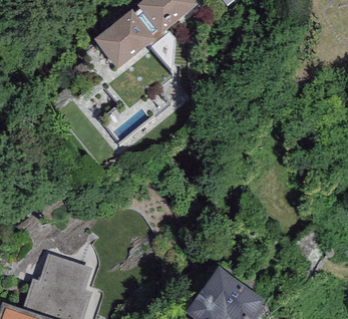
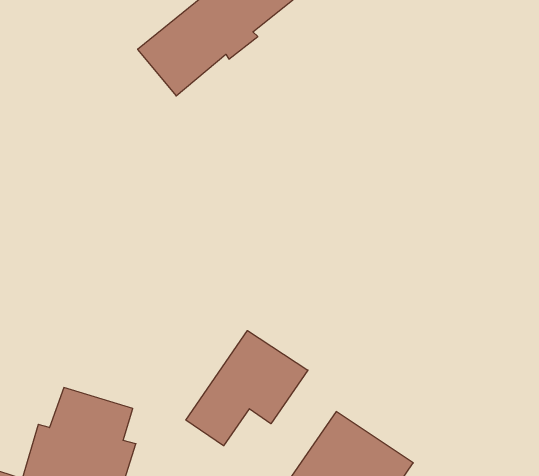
building: none -> [186,331,308,446]

